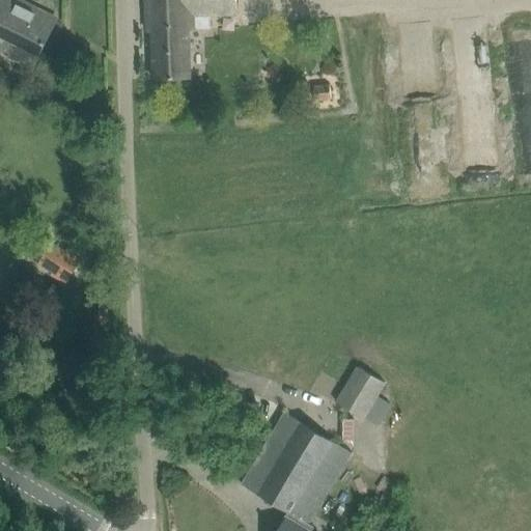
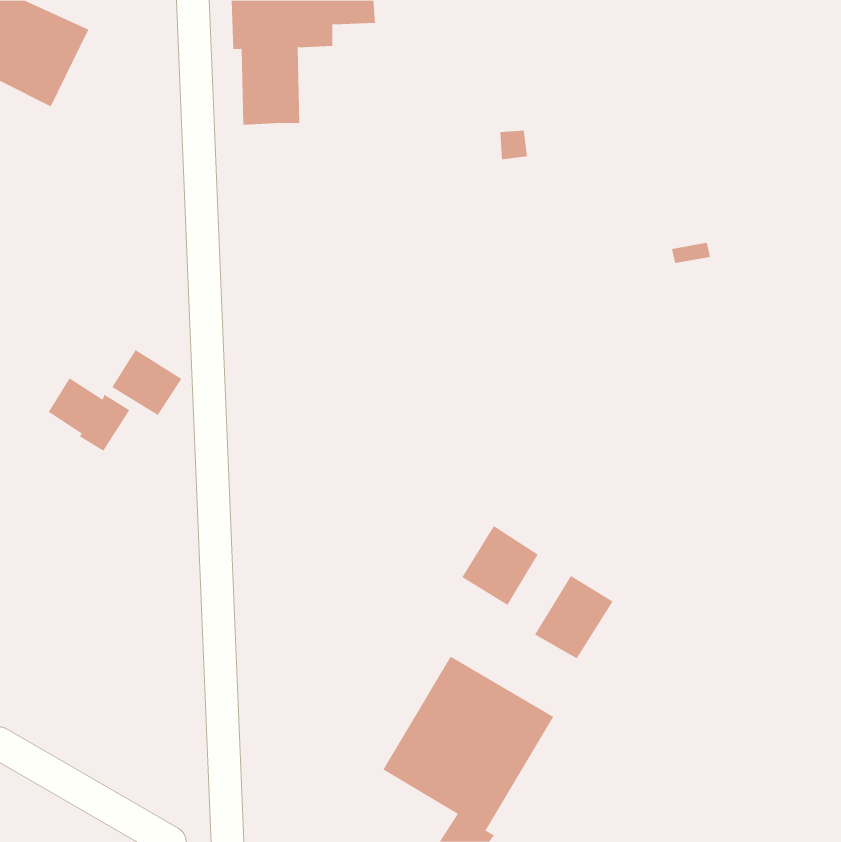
building: none -> [112,349,182,416]
building: none -> [461,525,538,606]

